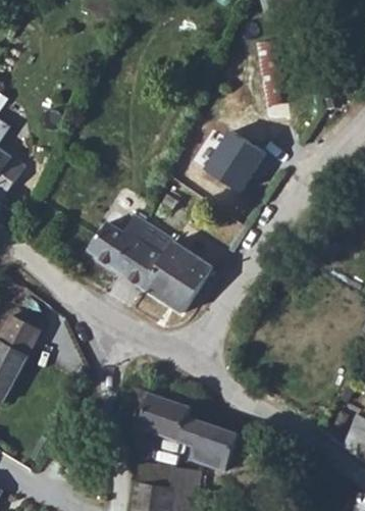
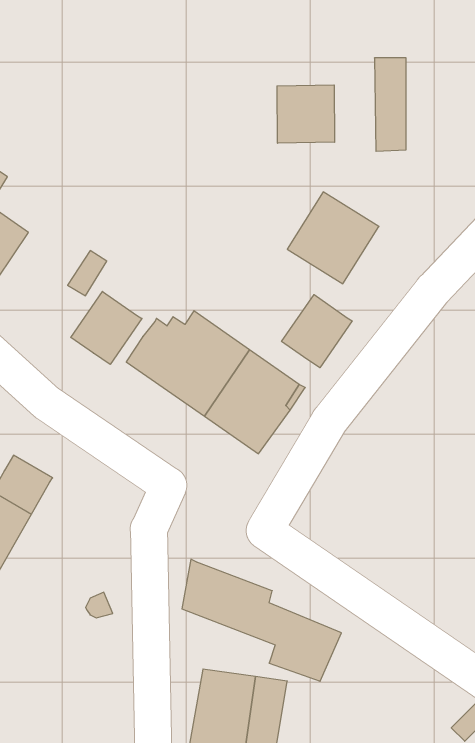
building: none -> [277,85,335,143]
building: none -> [71,291,142,364]
building: none -> [282,295,352,368]

